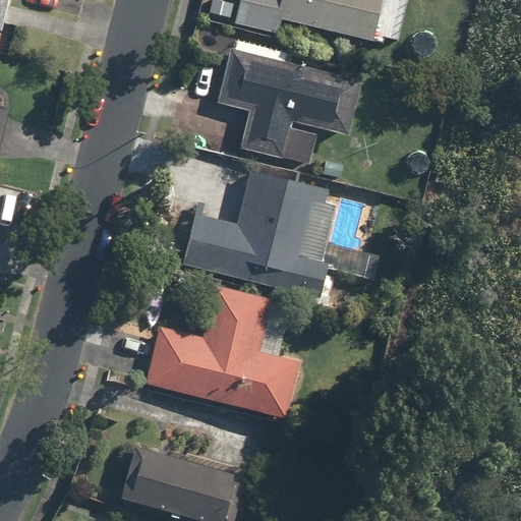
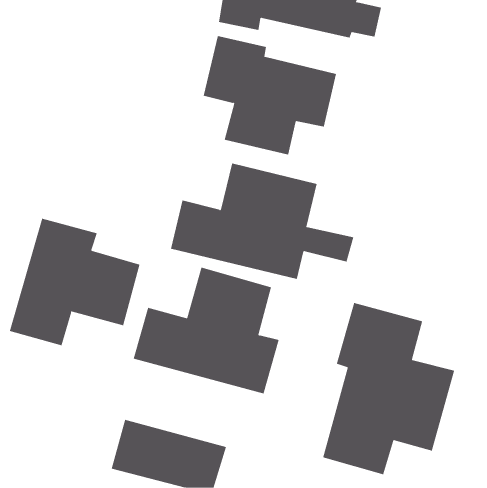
building: none -> [9,218,140,346]
building: none -> [322,302,455,475]

